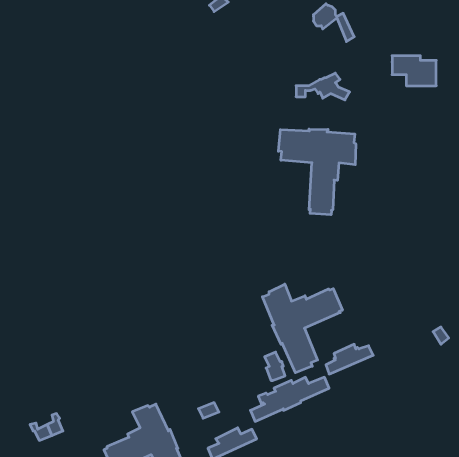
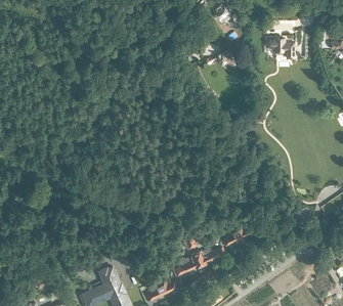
building: [278,129,356,215] -> none
building: [262,284,342,373] -> none

